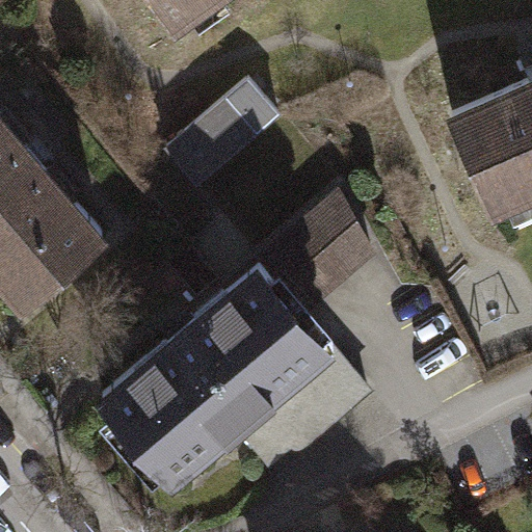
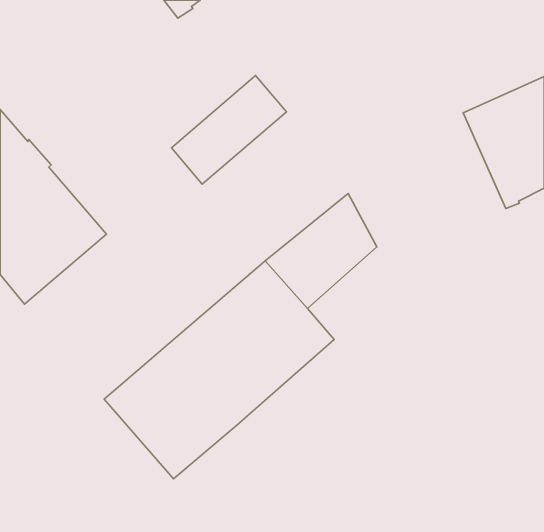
building: [231,343,367,467] -> none

